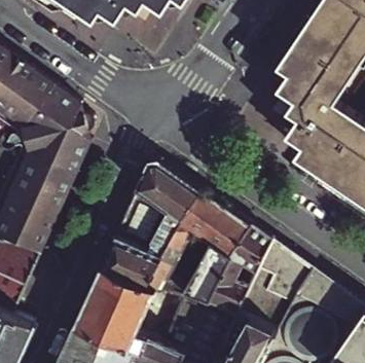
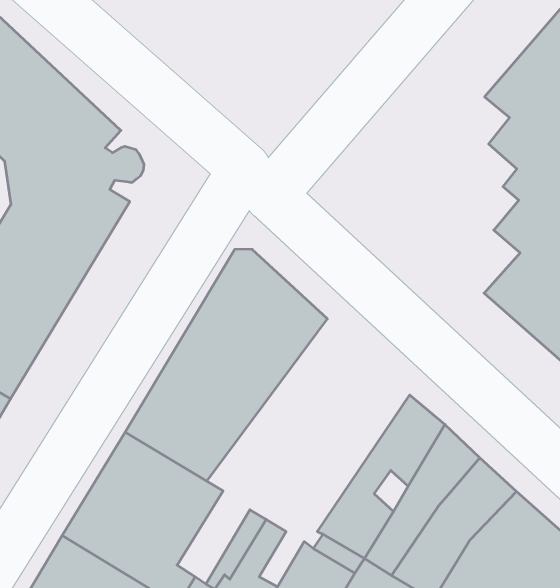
building: [149,194,251,307] -> none

